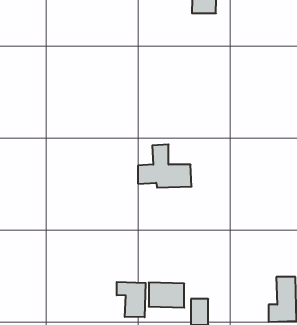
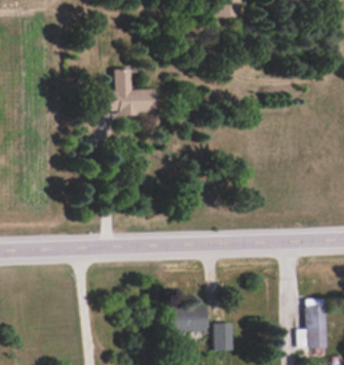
building: [138,144,192,188] -> [98,69,155,115]
building: [117,282,146,317] -> none

